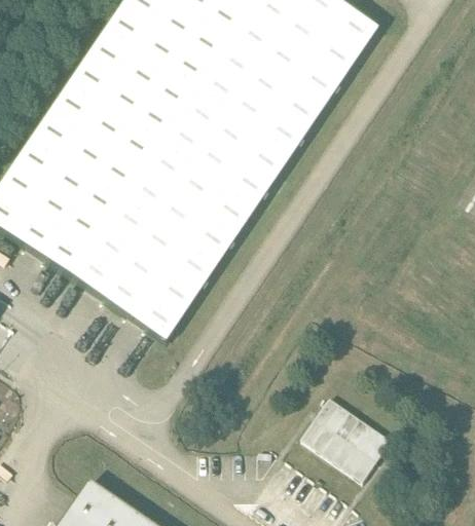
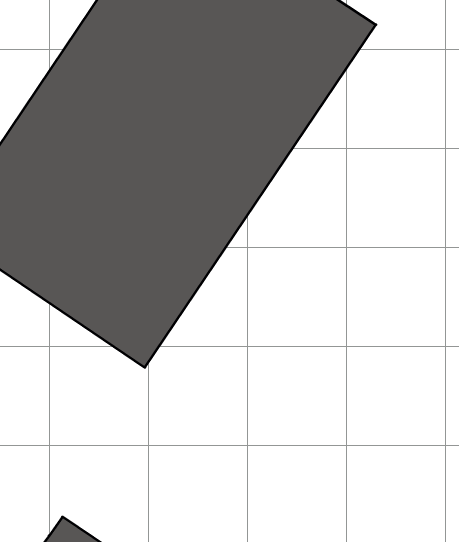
building: [299,394,390,478] -> none

